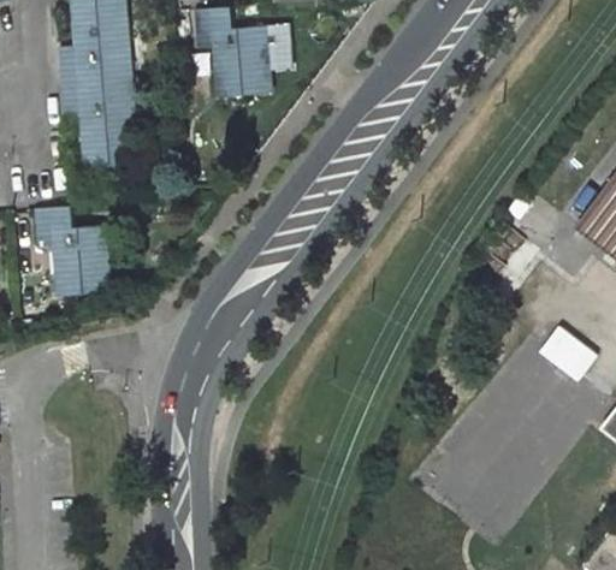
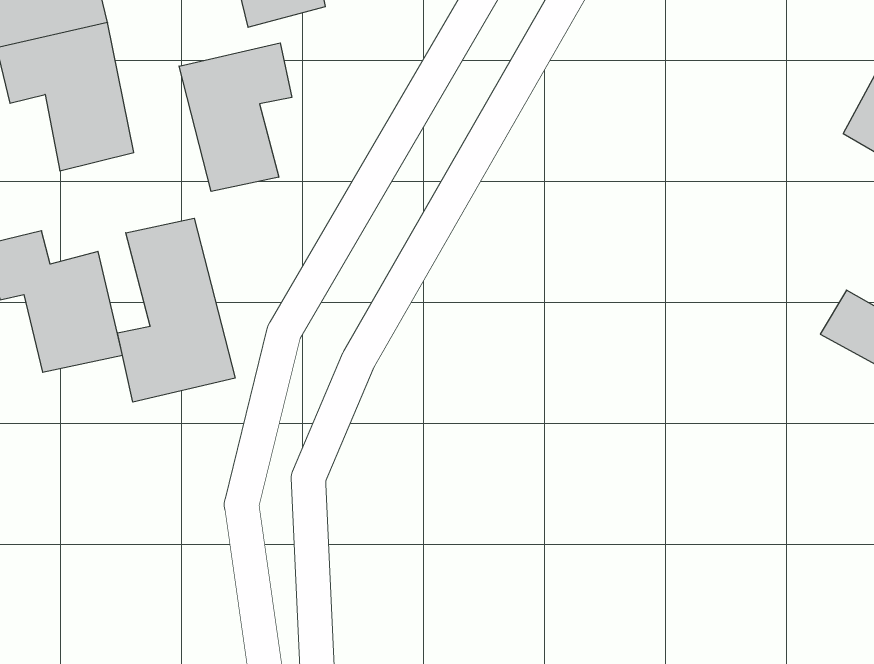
building: none -> [179,43,292,191]
building: none -> [118,218,235,402]

